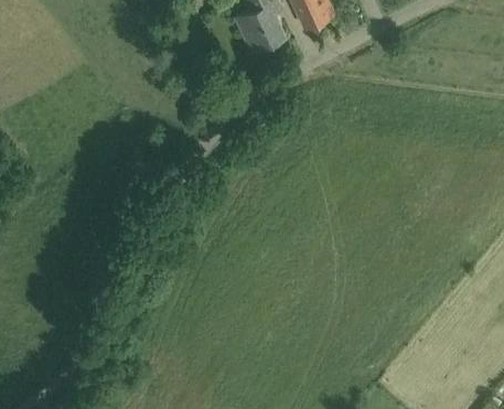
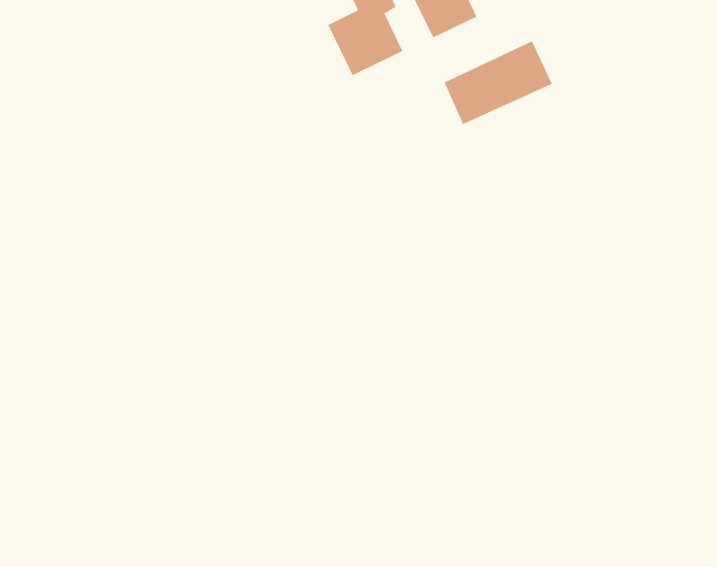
building: none -> [444,41,553,125]

